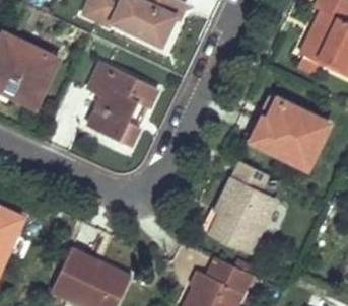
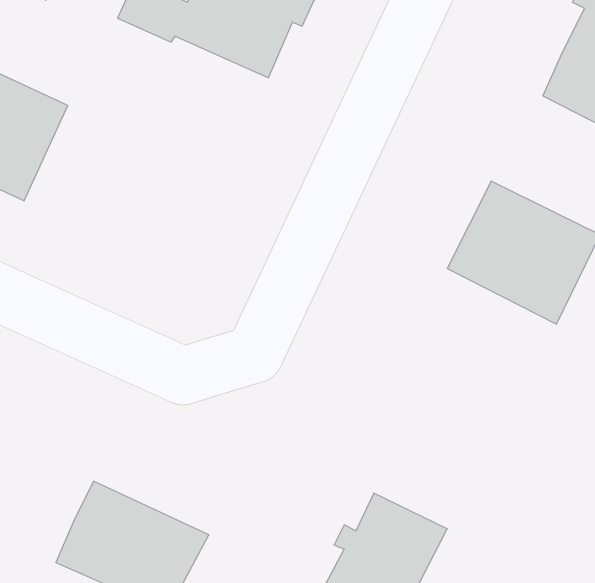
building: [87,63,157,145] -> none
building: [207,161,273,249] -> none

